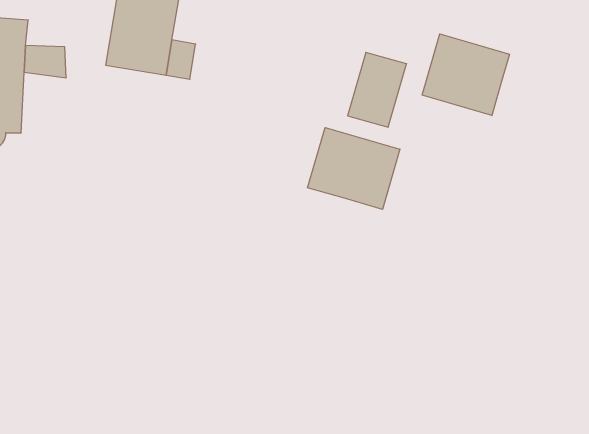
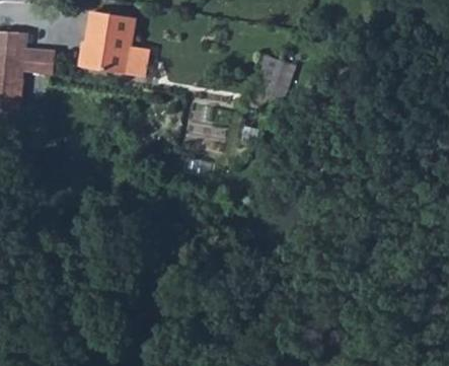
building: [422,34,510,116] -> none
building: [308,128,400,209] -> none

